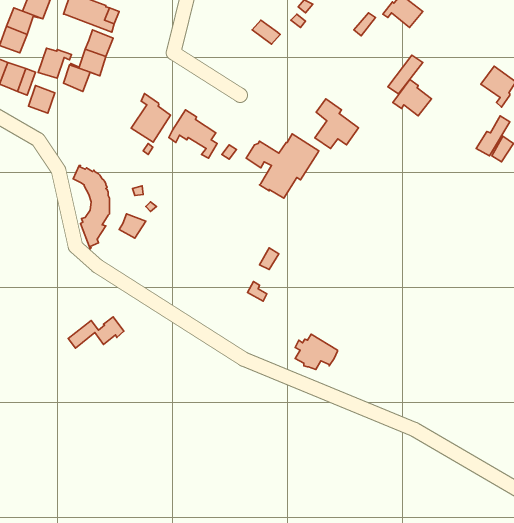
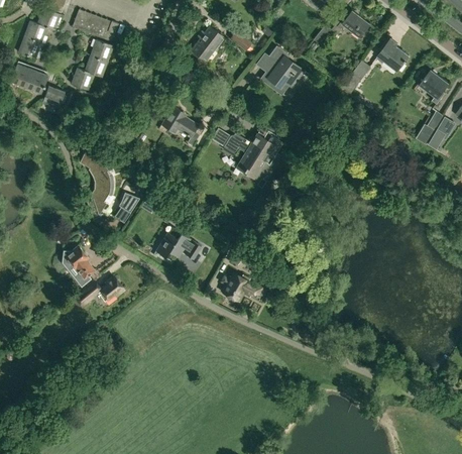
building: none -> [192,26,224,62]
building: [38,48,71,78] -> none
building: [393,79,432,116] -> [376,39,409,70]
building: [131,94,171,142] -> none
building: [315,99,358,149] -> [267,46,304,88]
building: none -> [155,232,202,259]
building: none -> [62,246,94,278]
building: [295,334,338,369] -> [221,271,256,301]

